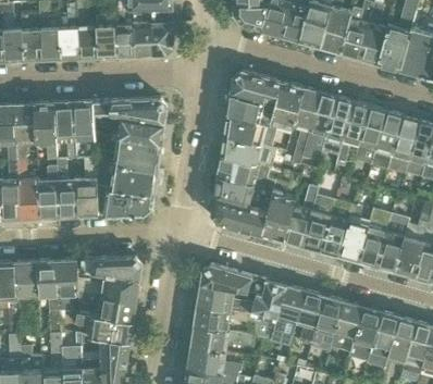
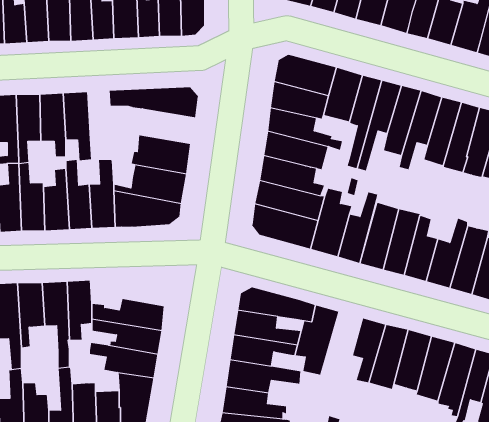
building: [74,102,94,143] -> none
building: [112,117,164,147] -> none
building: [81,258,141,283] -> none
building: [269,287,304,346] -> none

